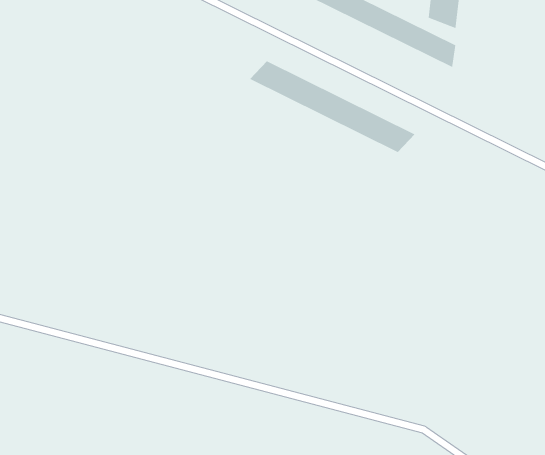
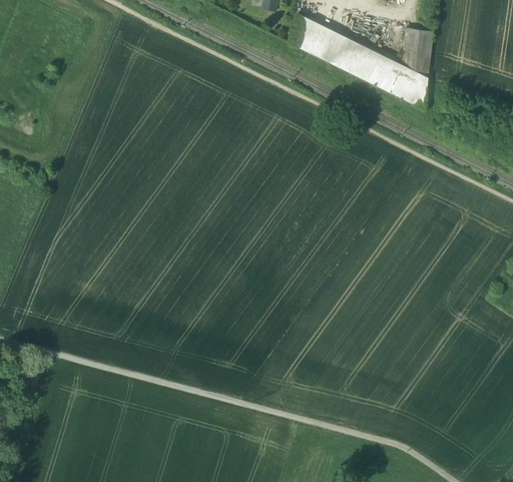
building: [249,60,416,153] -> none

